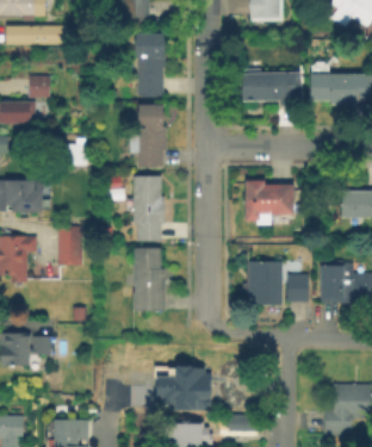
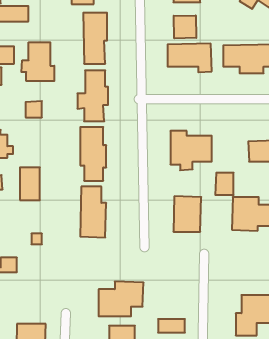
building: none -> [174,15,196,38]
building: none -> [21,42,54,81]
building: [286,275,309,303] -> [215,173,234,195]

